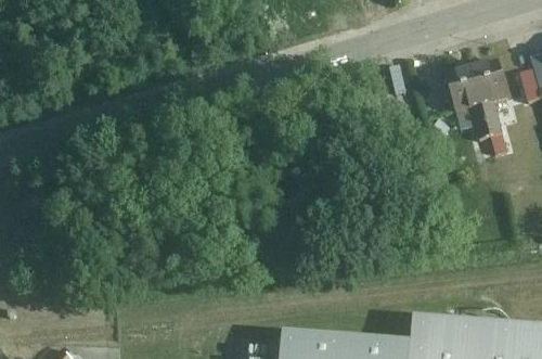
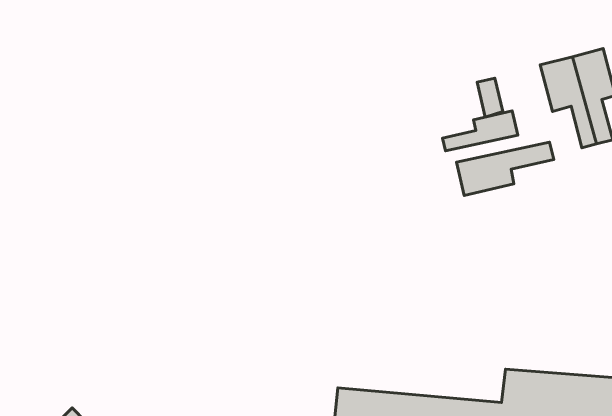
building: none -> [442,111,518,151]
building: none -> [457,142,554,195]

